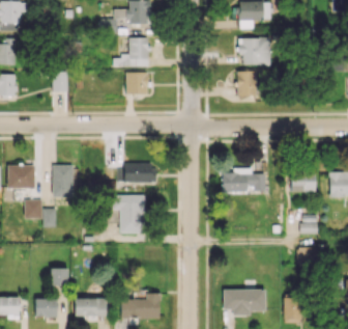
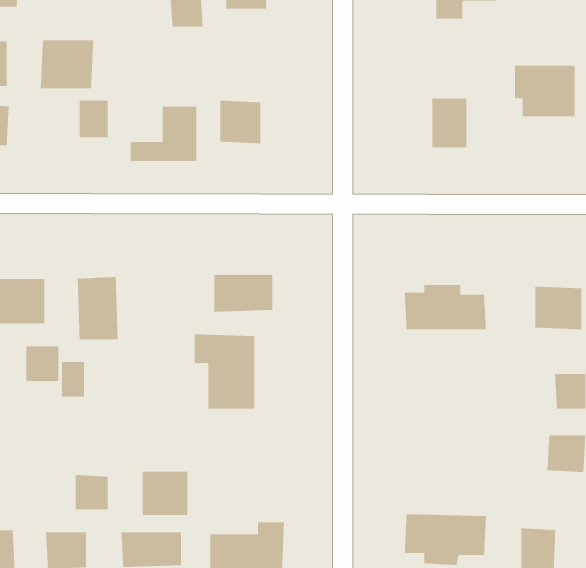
building: [113,37,148,66] -> [130,106,197,161]
building: [238,37,270,64] -> [514,65,575,117]
building: none -> [40,40,94,89]
building: none -> [142,471,188,516]

